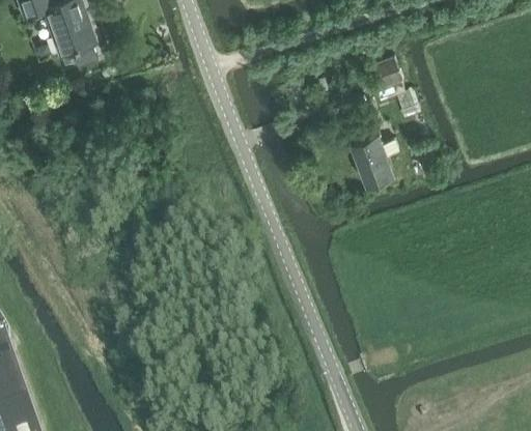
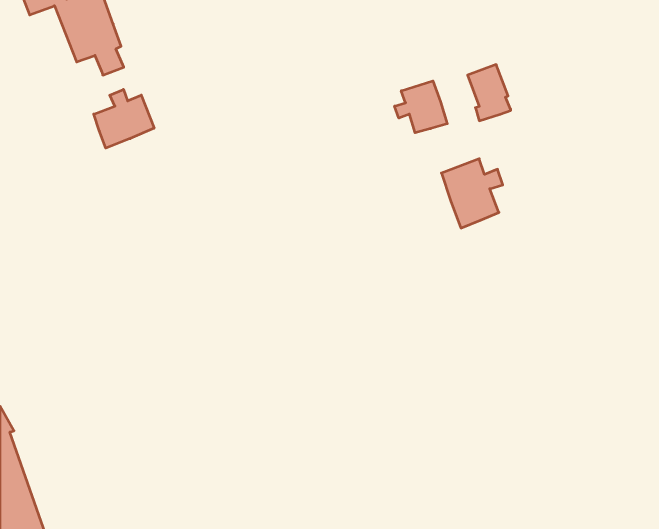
building: none -> [395,81,447,133]
building: none -> [94,89,154,148]

